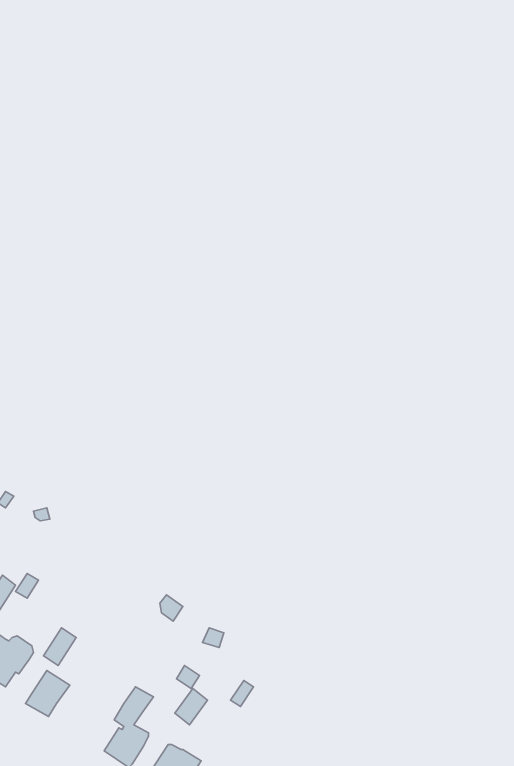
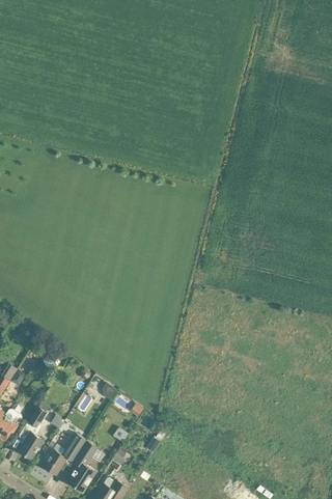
building: none -> [42,434,85,475]

